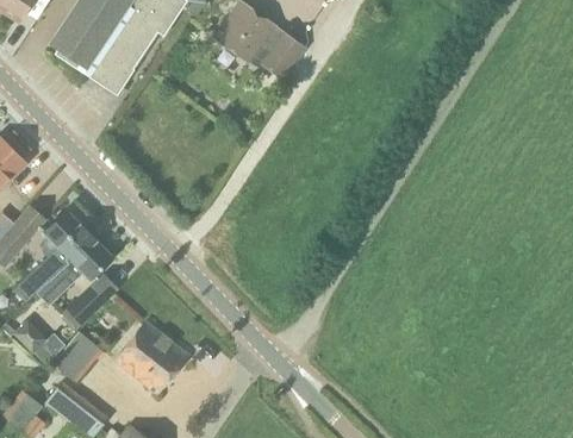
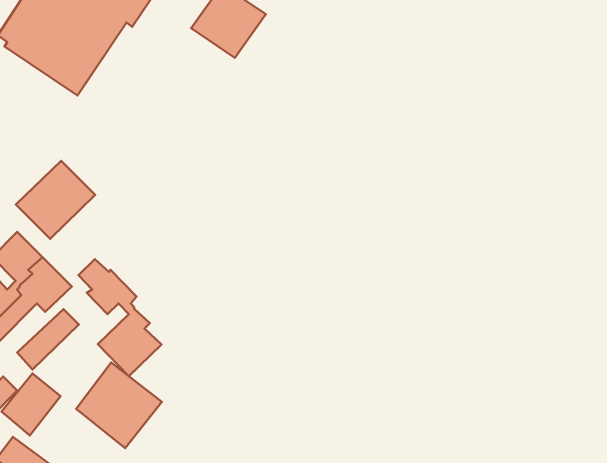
building: [262,31,306,79] -> none
building: none -> [16,161,95,239]
building: none -> [79,259,162,376]

